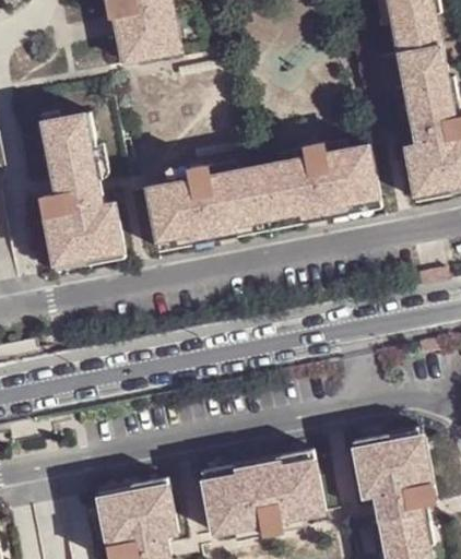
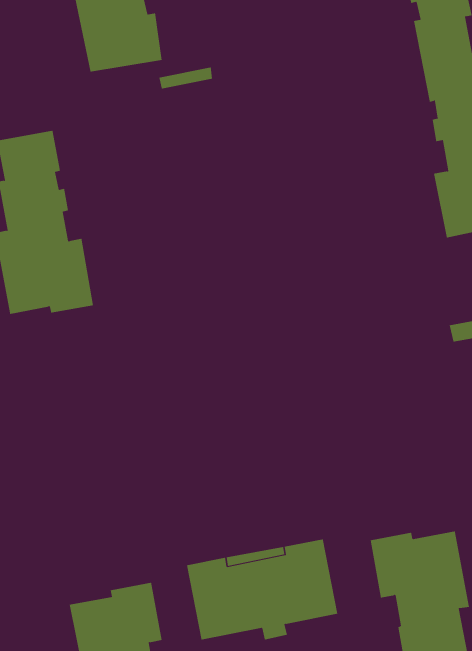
building: [145,140,379,248] -> none

